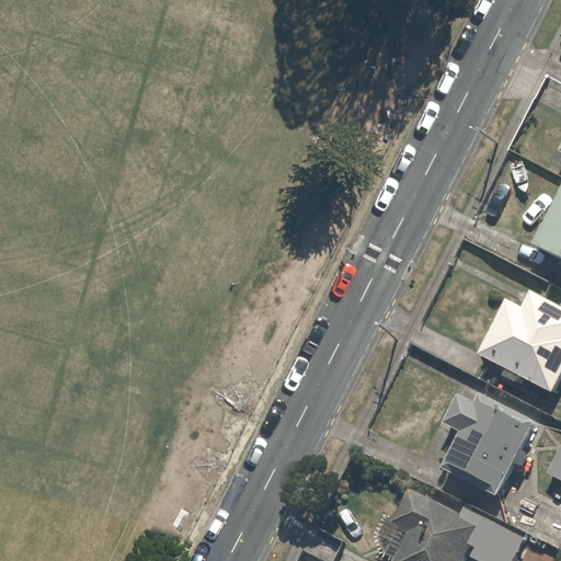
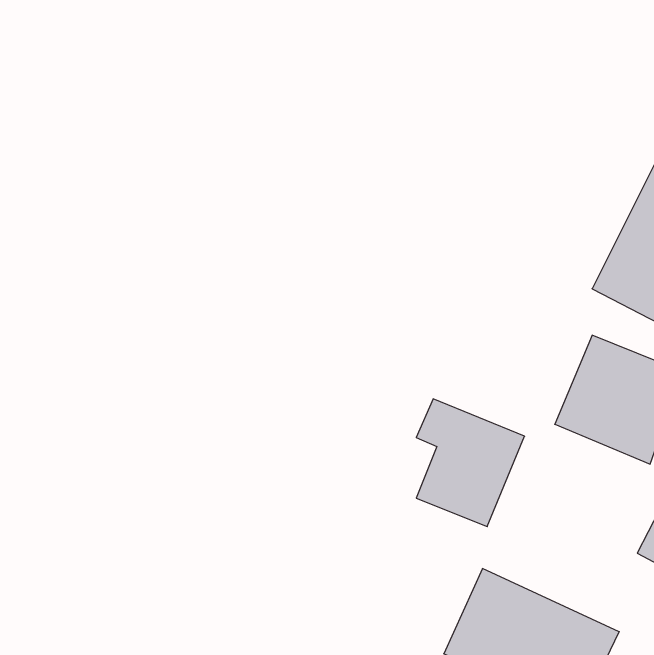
building: [447,388,539,496] -> [416,399,525,527]

